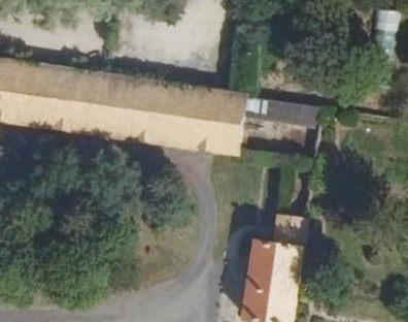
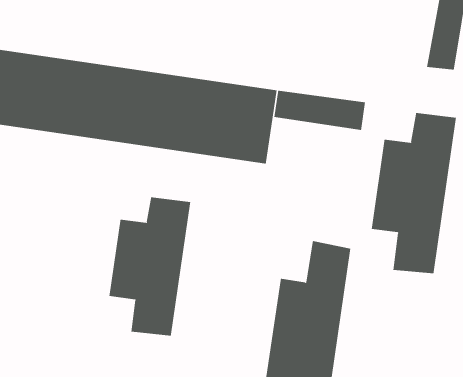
building: none -> [371,112,456,274]
building: none -> [109,197,191,336]

